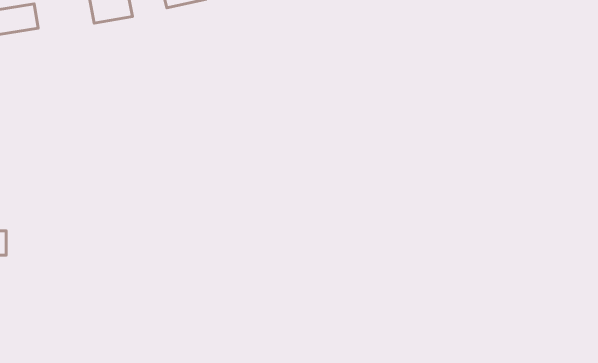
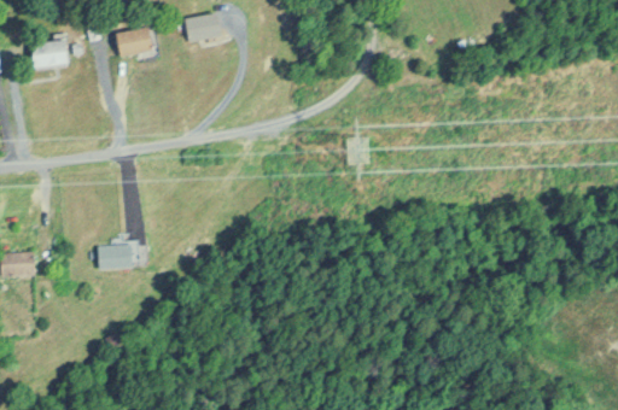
building: none -> [98,245,138,269]

